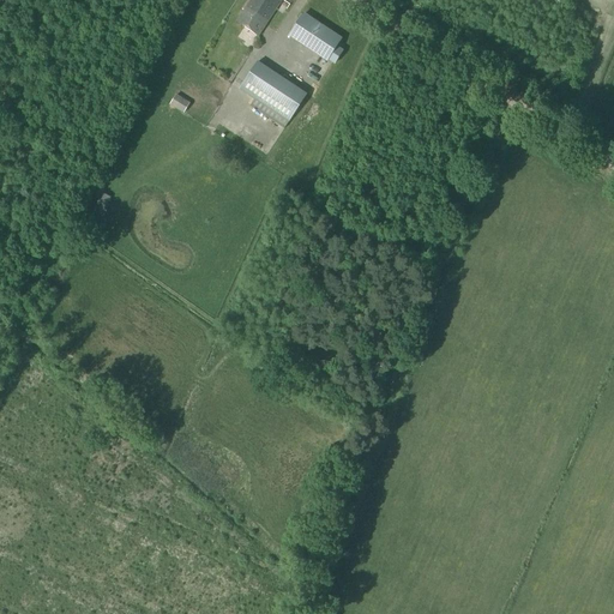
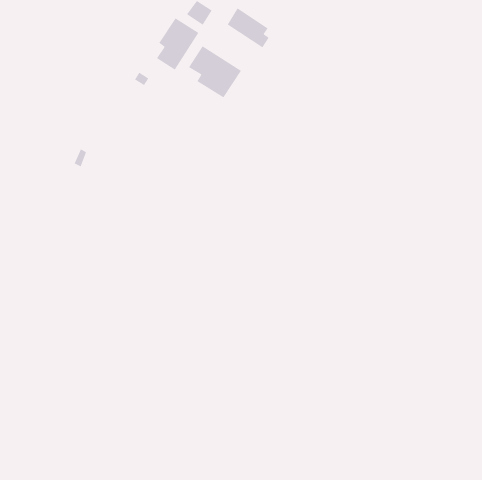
building: none -> [156,18,199,70]

